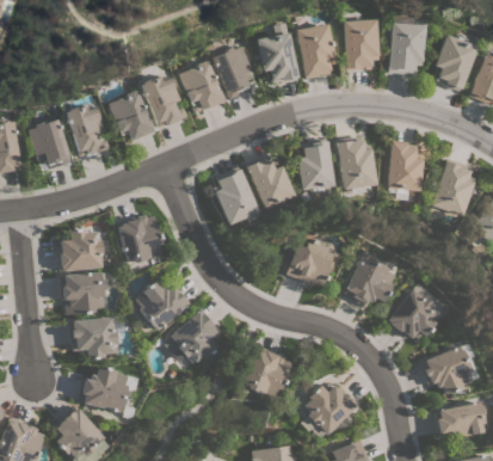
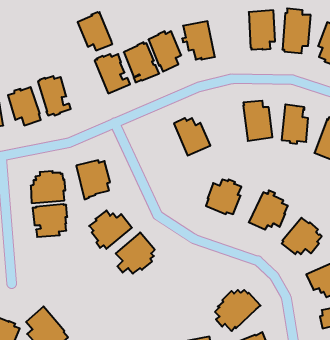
building: [296,23,335,78] -> none
building: [109,90,154,140] -> [78,12,112,50]
building: [295,140,332,190] -> none
building: [212,168,257,223] -> none
building: [69,315,116,358] -> none
building: [239,344,290,397] -> none
building: [75,365,127,412] -> none

